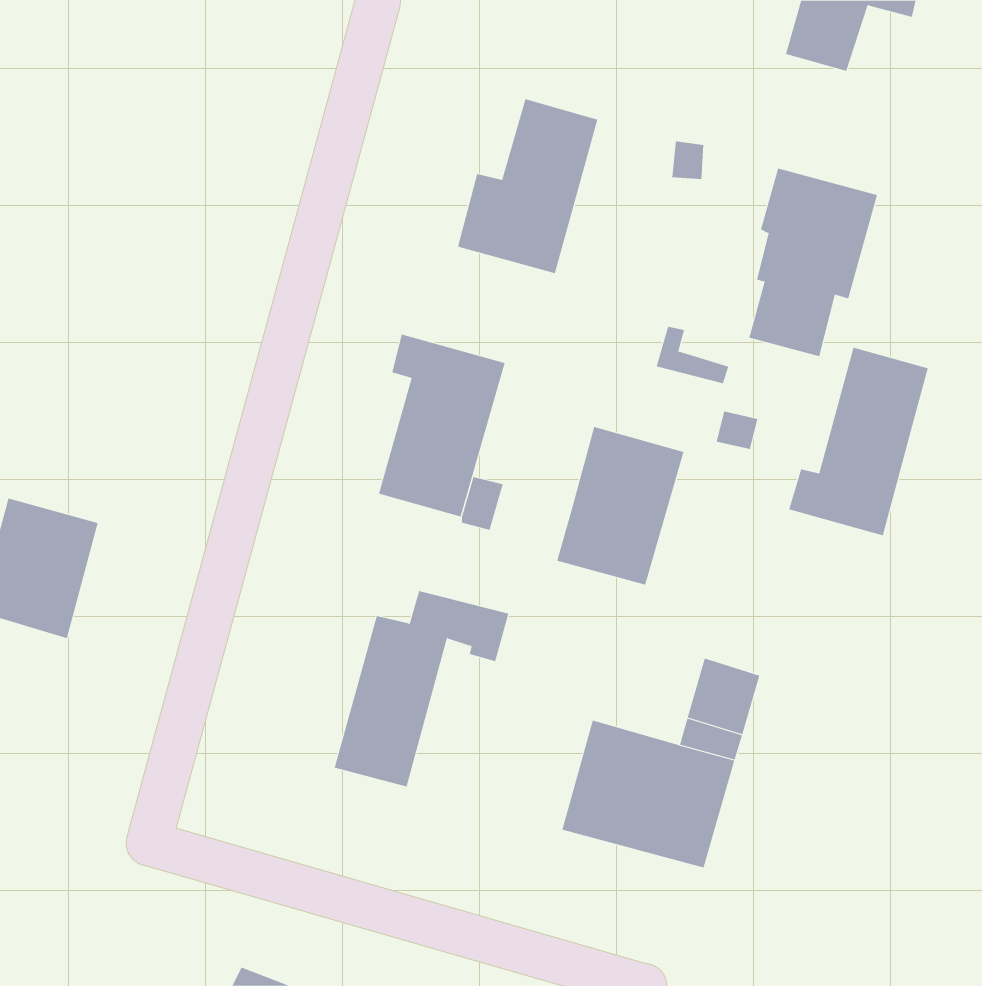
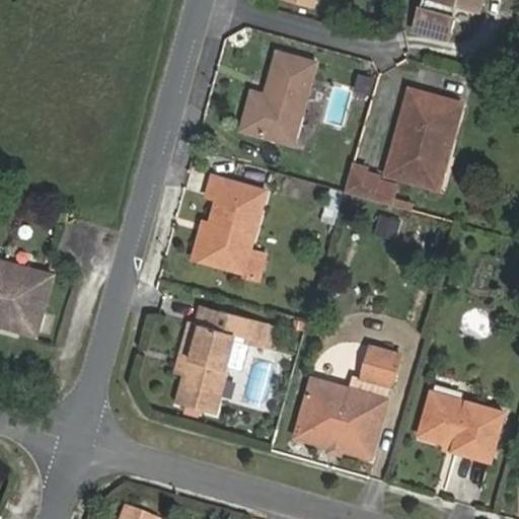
building: [788,347,929,536] -> none
building: [557,426,684,585] -> none
building: none -> [418,391,504,460]

